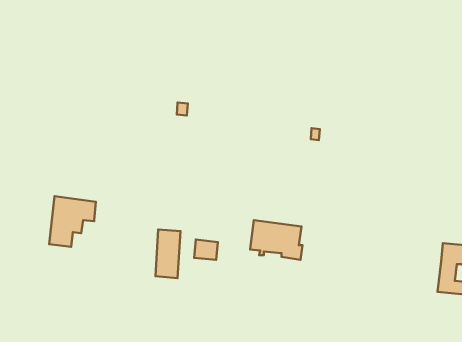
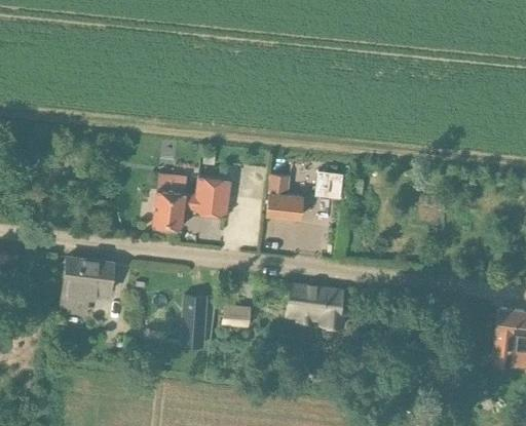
building: none -> [153,173,230,229]
building: none -> [268,175,303,219]
building: none -> [301,175,341,199]

